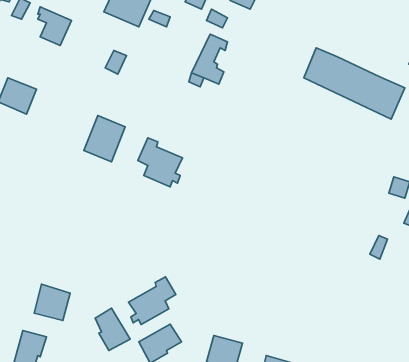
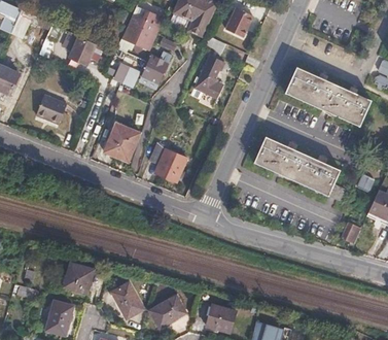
building: none -> [141,56,167,88]
building: none -> [253,136,343,200]
building: [128,277,176,324] -> none

